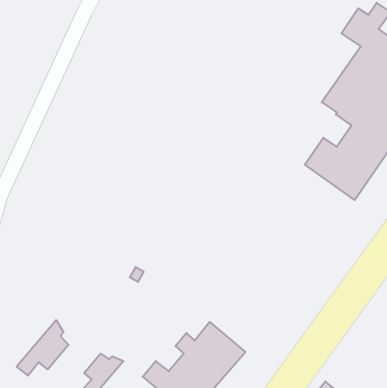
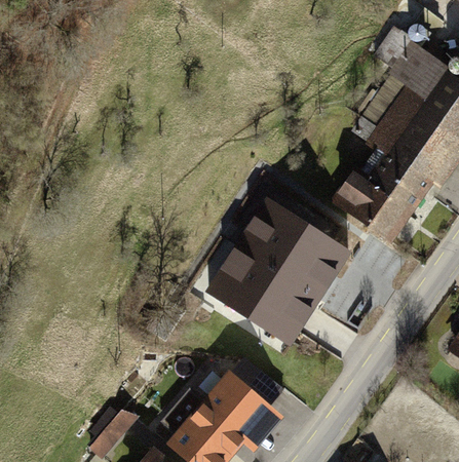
building: none -> [209,201,349,344]
building: [17,320,69,376] -> none

